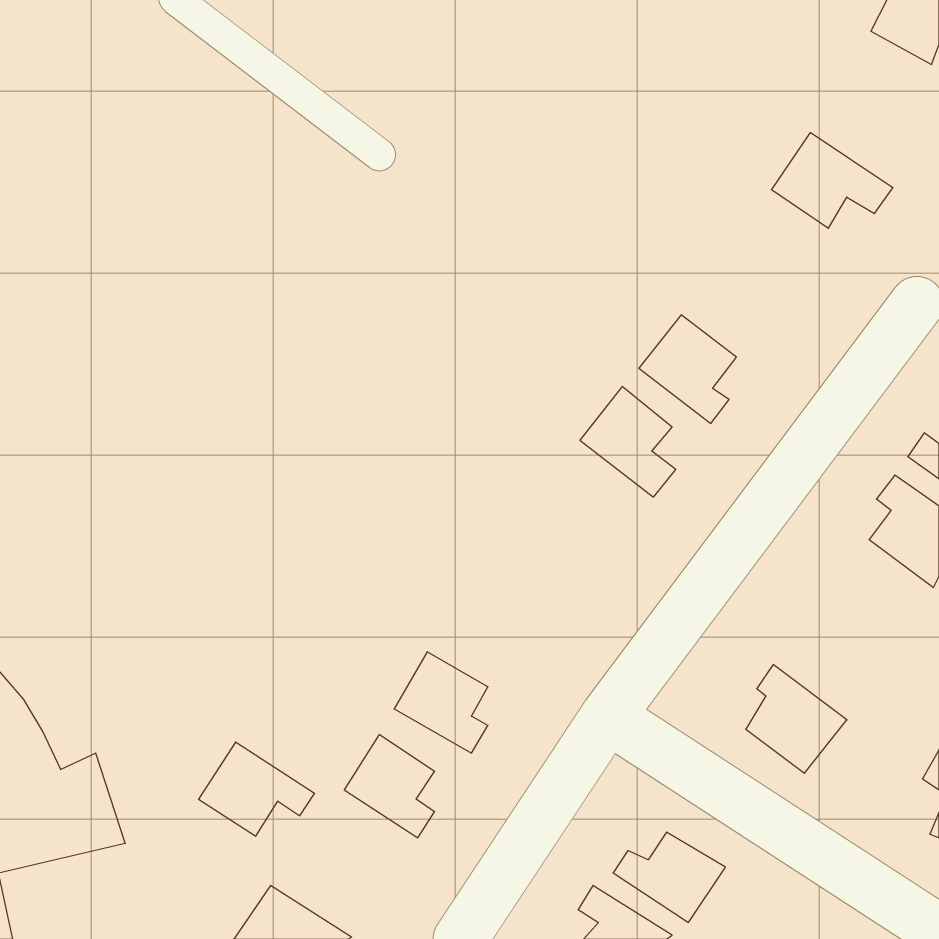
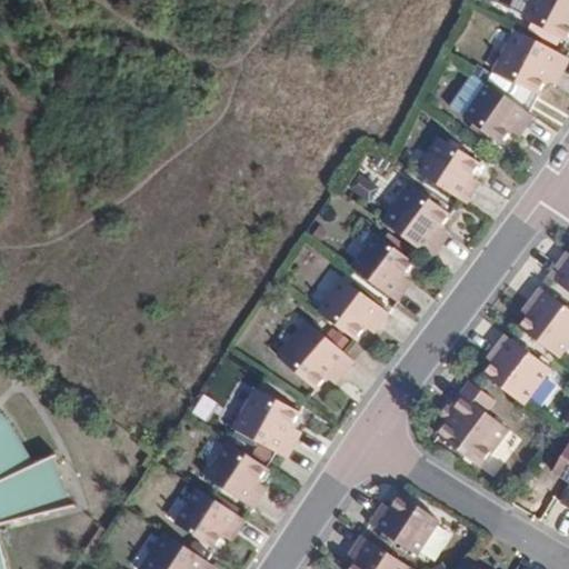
building: none -> [495,29,561,90]
building: none -> [419,143,475,204]
building: none -> [319,281,387,339]
building: none -> [278,319,343,386]
building: none -> [490,333,553,401]
building: [199,742,315,836] -> [177,489,247,546]

